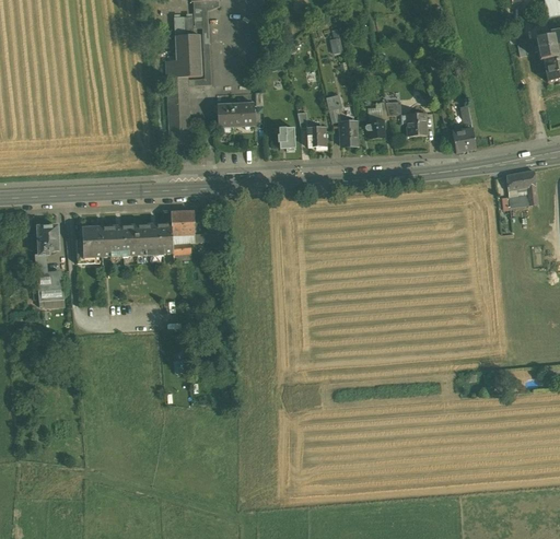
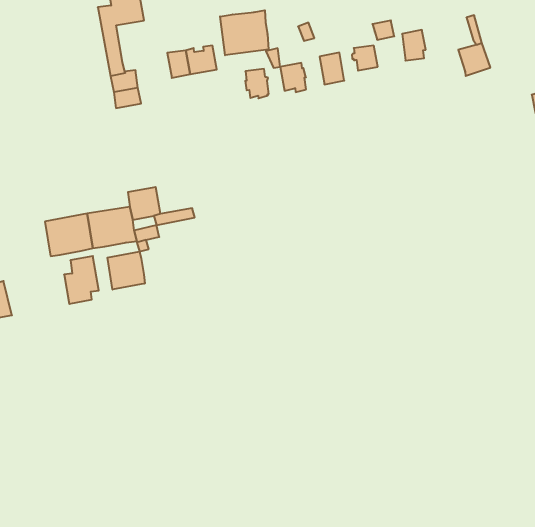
building: none -> [220,10,268,55]
building: [77,227,103,263] -> [64,256,99,304]
building: none -> [107,252,145,290]

